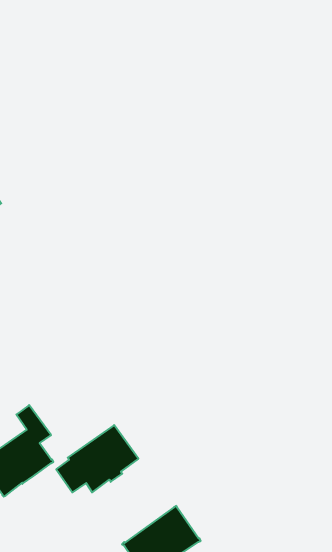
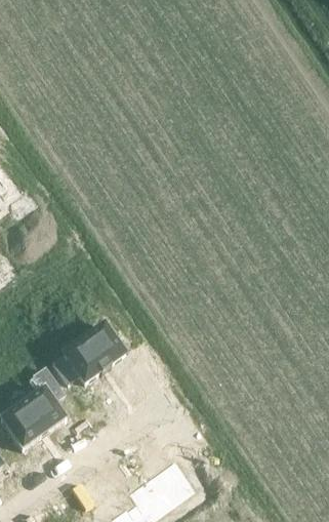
building: [56,425,138,492] -> [52,322,125,382]

